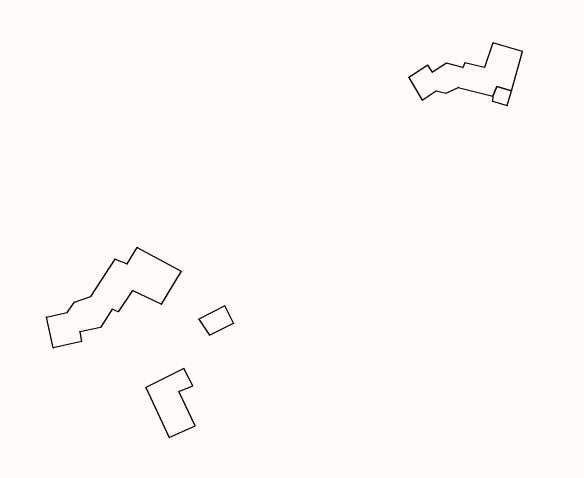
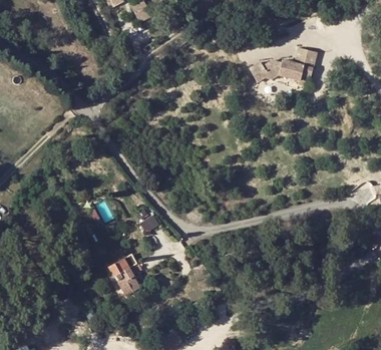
building: [46,247,181,348] -> none

